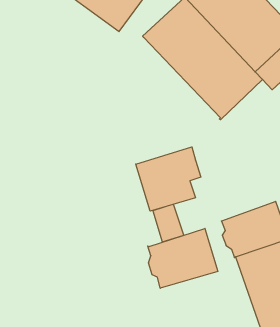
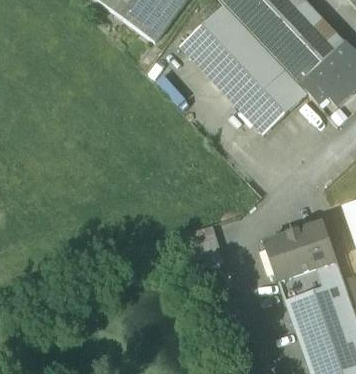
building: [136,147,201,211] -> none
building: [148,228,218,288] -> none

